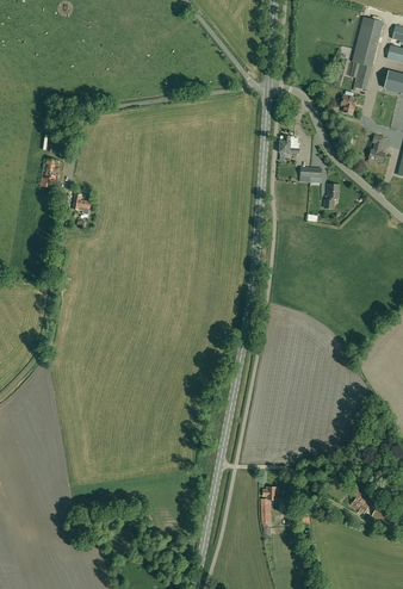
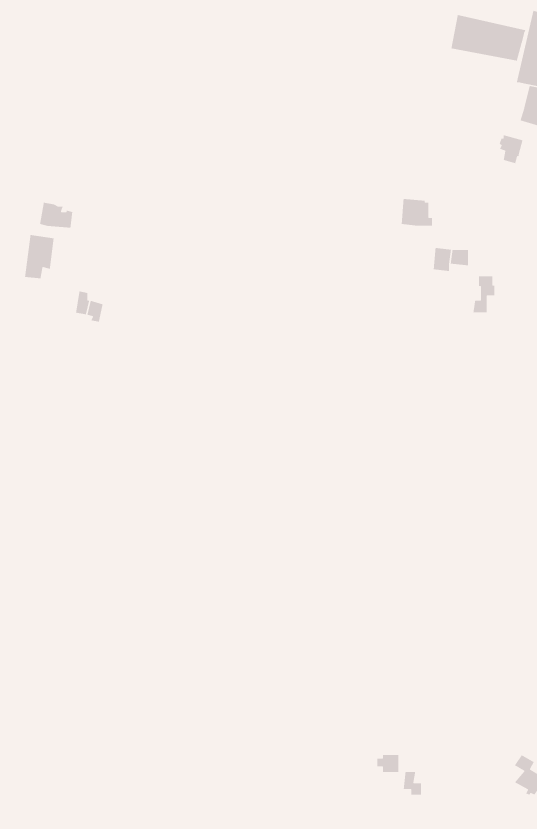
building: none -> [451,14,526,62]

